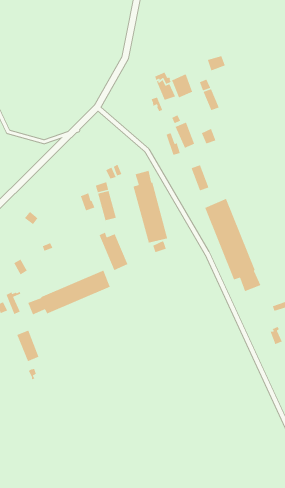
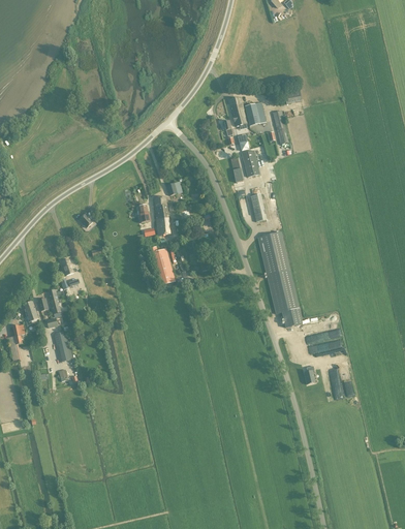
building: [133,170,168,244] -> none
building: [27,270,111,315] -> none

